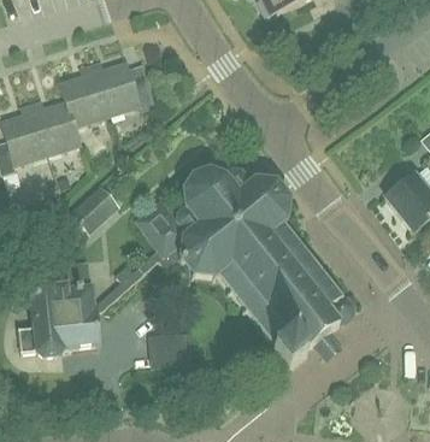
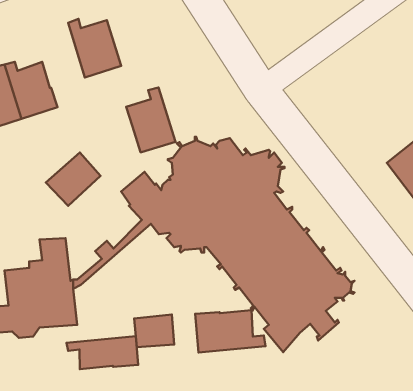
building: [59,64,105,124] -> [126,87,175,152]
building: none -> [195,310,265,353]
building: none -> [66,336,138,369]

